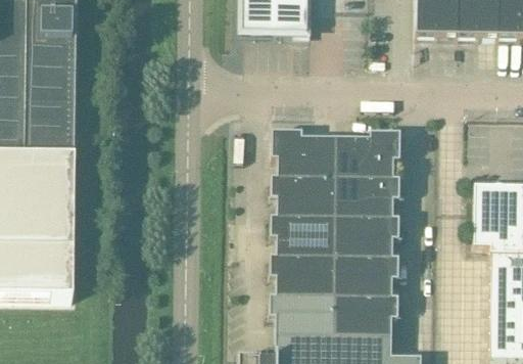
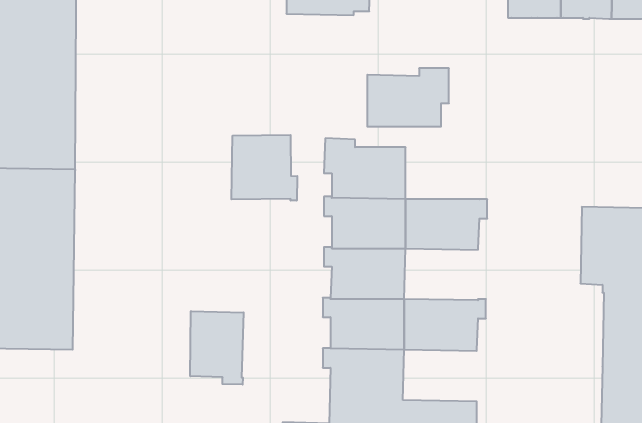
building: none -> [231,135,297,201]
building: [335,133,399,179] -> [367,68,449,127]
building: [334,218,398,259] -> none
building: none -> [190,311,244,385]
building: [333,298,397,338] -> none

